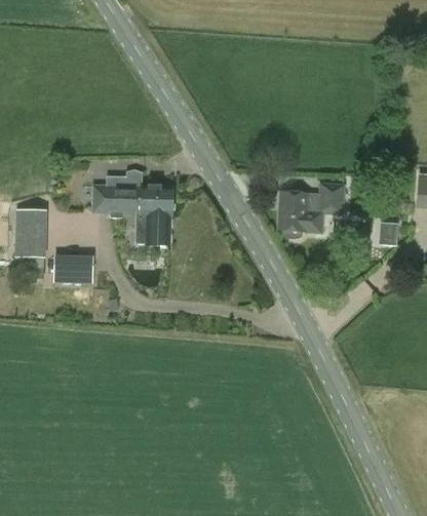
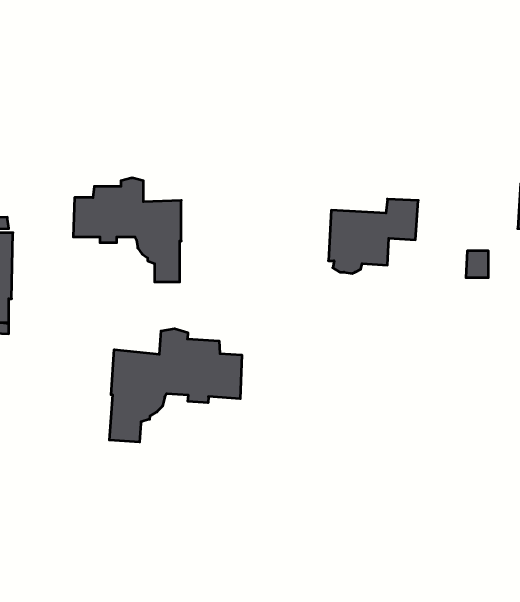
building: [51,263,90,281] -> none
building: none -> [109,329,242,442]

